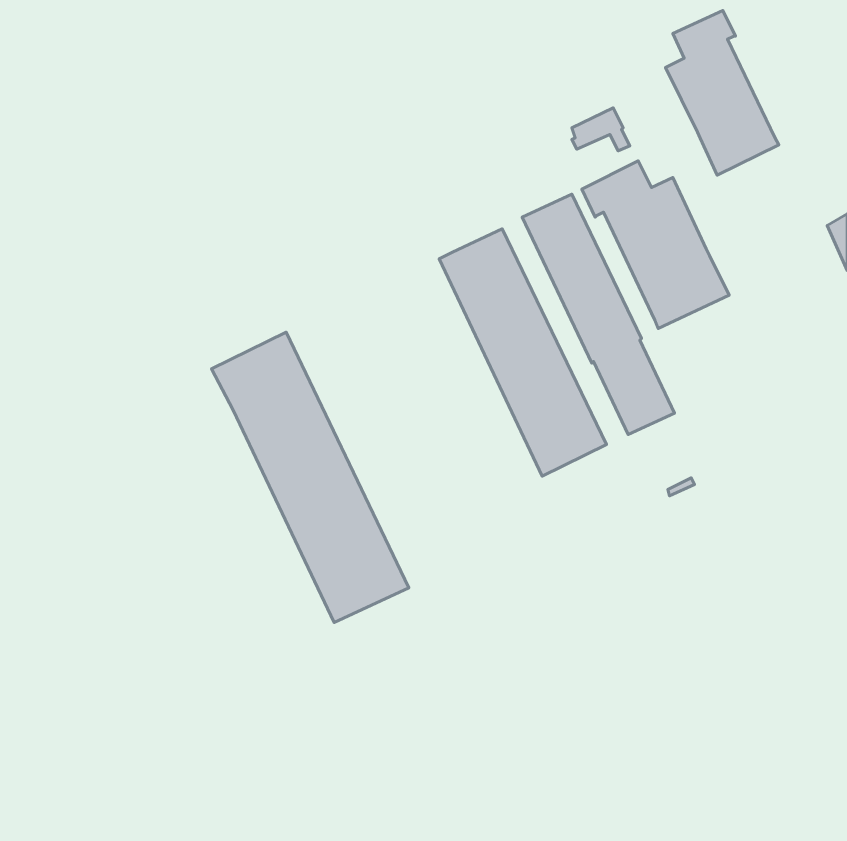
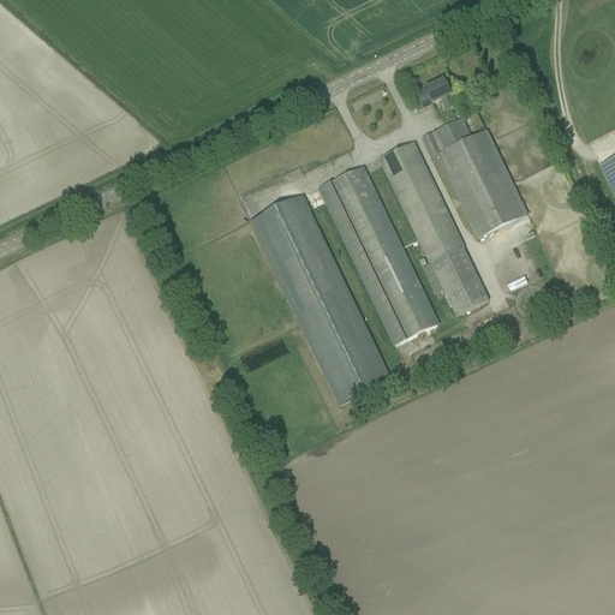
building: [666,11,779,175] -> none
building: [212,332,409,623] -> [249,195,392,405]

